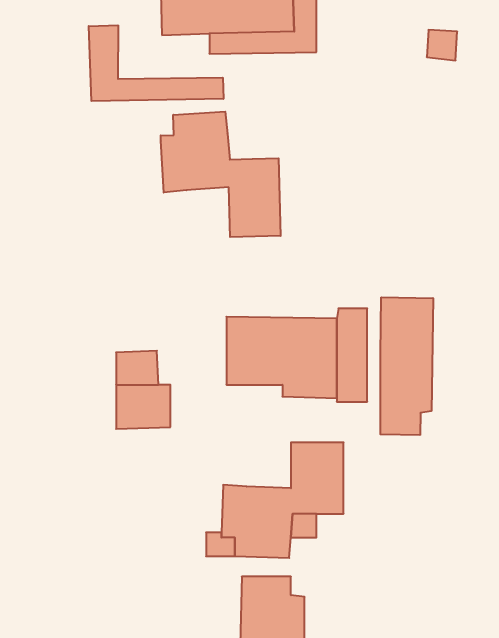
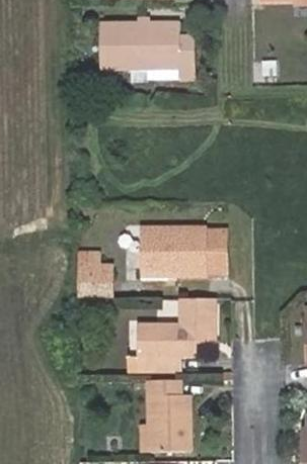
building: [89,25,223,101] -> none
building: [161,112,281,237] -> none
building: [380,297,433,435] -> none

